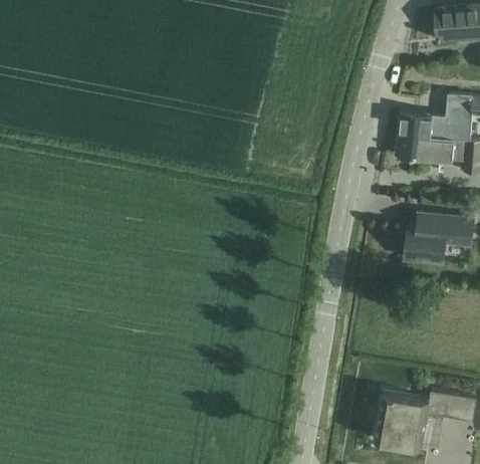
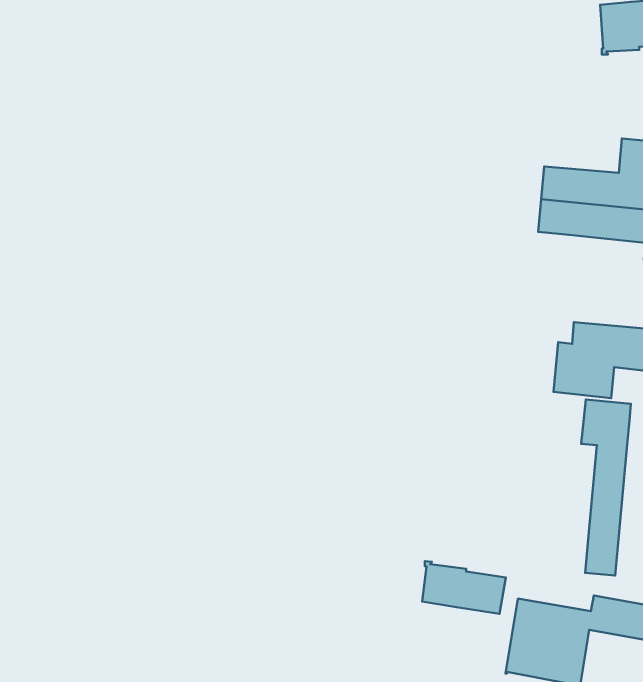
building: none -> [581,399,631,576]
building: none -> [422,561,506,614]

